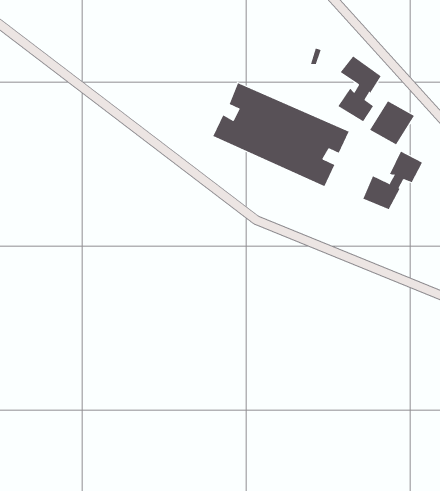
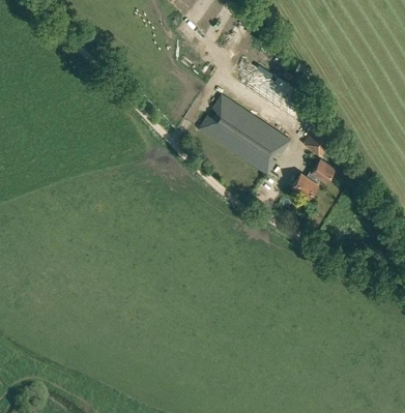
building: [338,56,381,122] -> none

